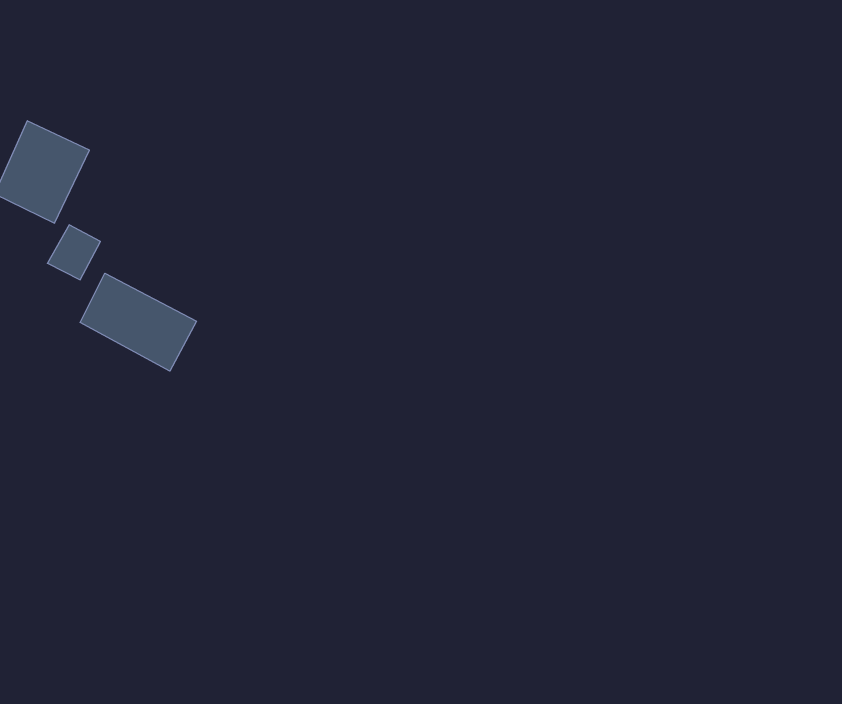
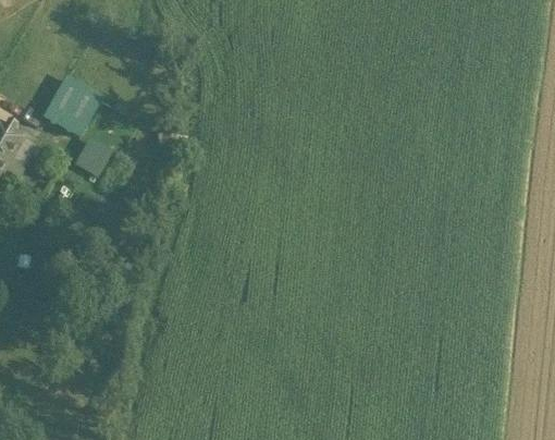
building: [80,273,196,371] -> none

